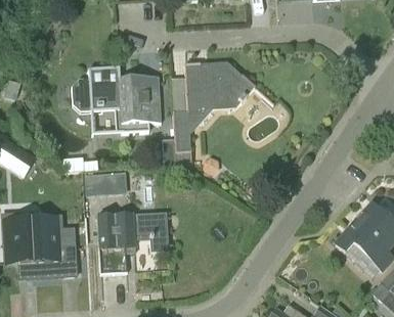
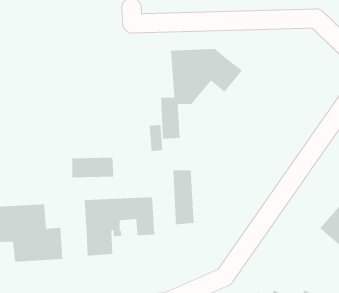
building: [73,71,161,128] -> none
building: none -> [172,170,195,225]

